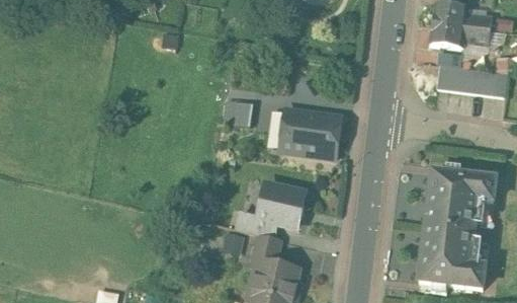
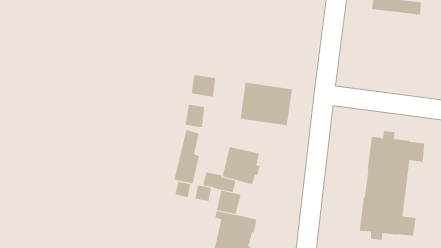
building: [430,23,490,48] -> none
building: [437,65,508,95] -> none
building: none -> [185,104,205,128]
building: none -> [174,129,200,184]

